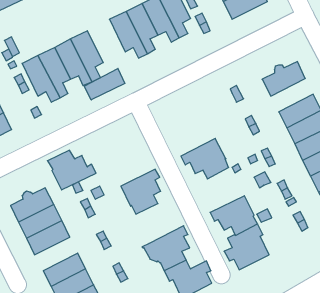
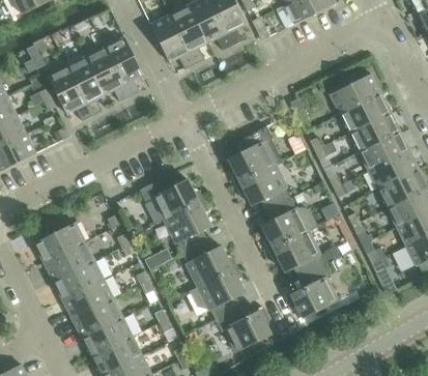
building: [84,68,125,100] -> none
building: none -> [340,93,390,133]
building: none -> [228,126,275,184]
building: [47,150,96,190] -> [147,173,204,220]
building: none -> [261,198,317,251]
building: none -> [181,240,237,287]
building: none -> [62,280,113,319]

